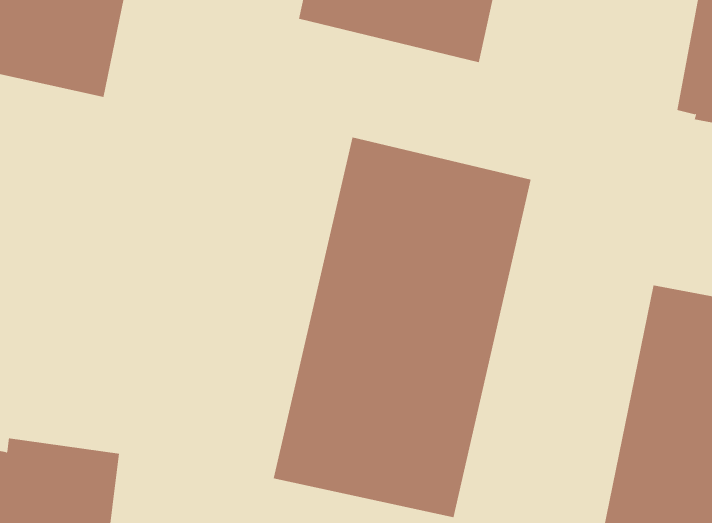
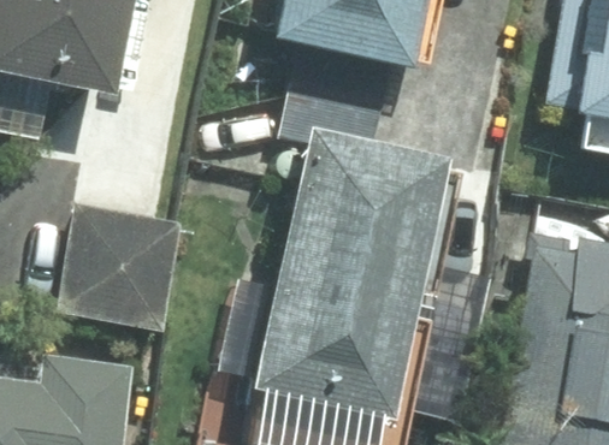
building: none -> [55,204,183,332]

